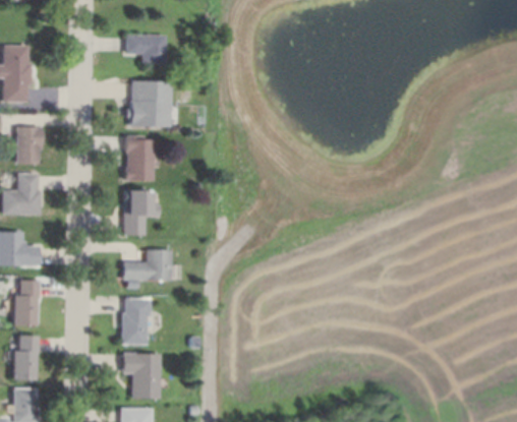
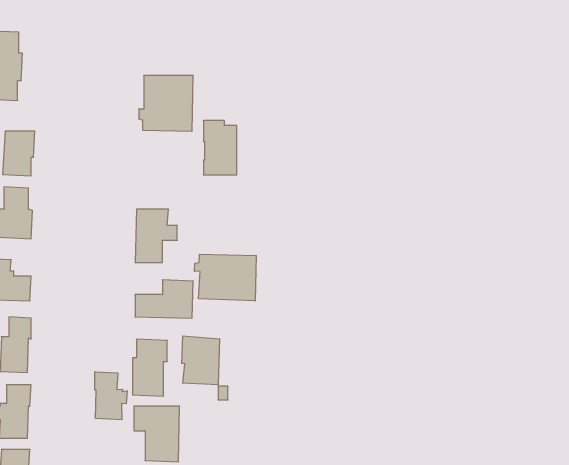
building: [126,35,166,63] -> none
building: [126,135,154,180] -> [203,121,237,175]
building: none -> [194,254,256,301]
building: none -> [182,336,219,385]
building: none -> [95,372,127,420]

